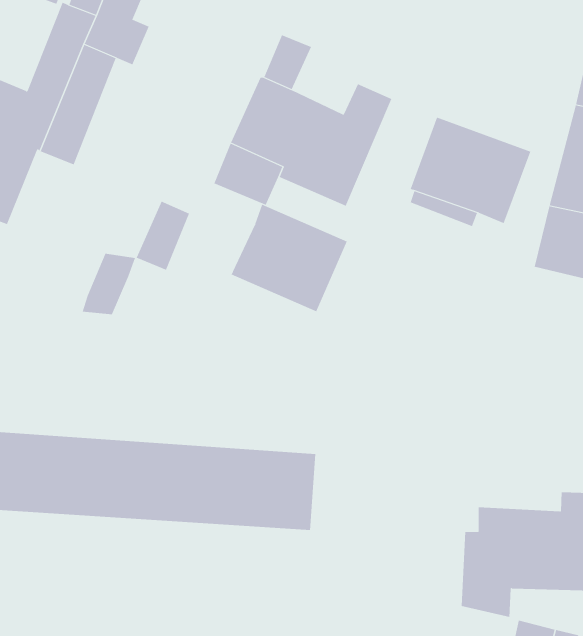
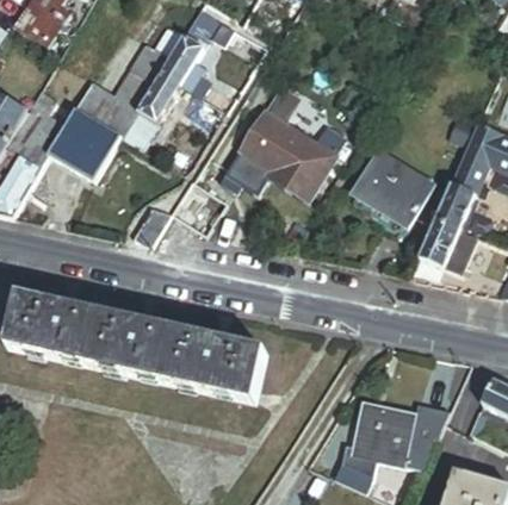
building: [231,204,348,312] -> none

